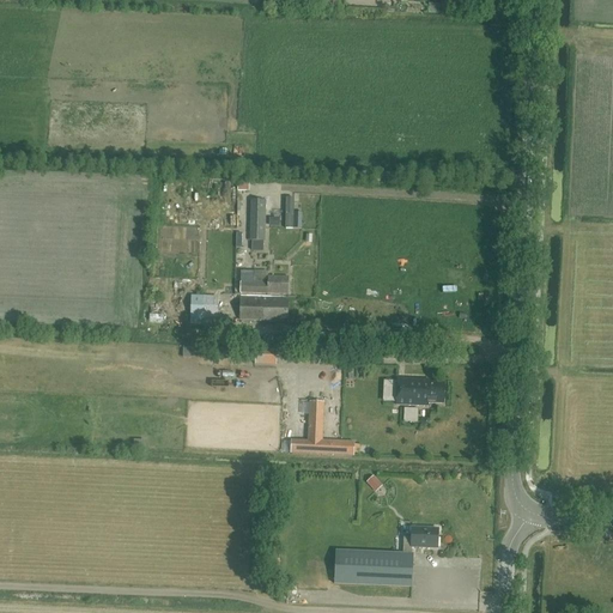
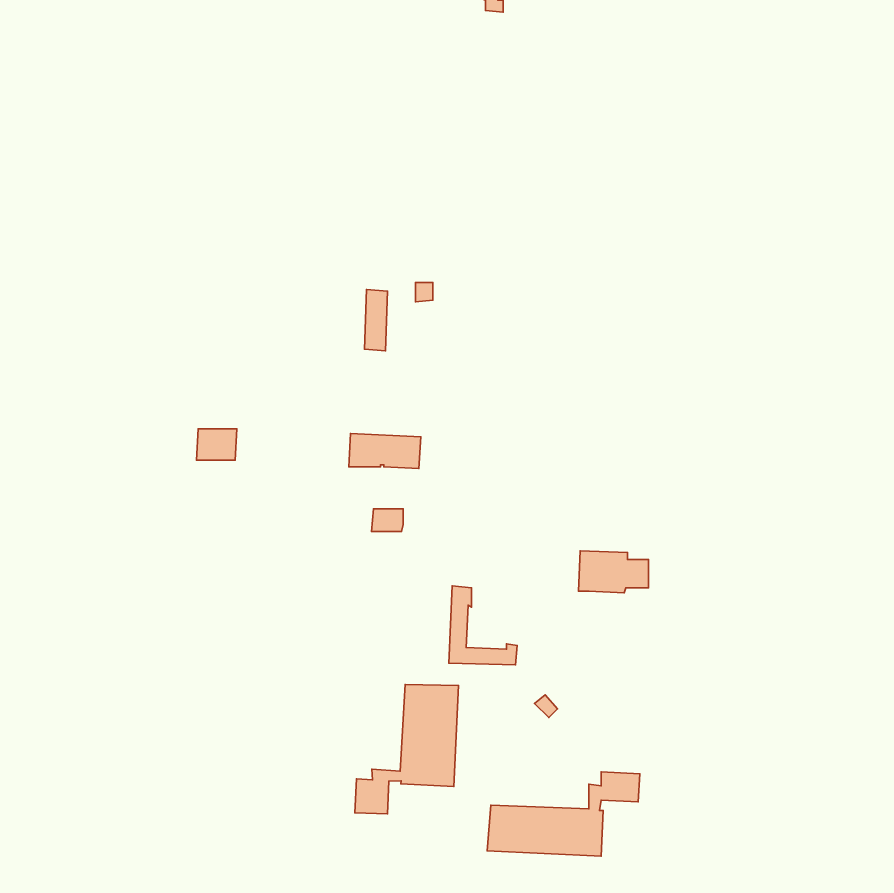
building: [239,269,287,292] -> none
building: [189,295,217,316] -> [197,429,237,460]
building: none -> [355,684,458,814]

